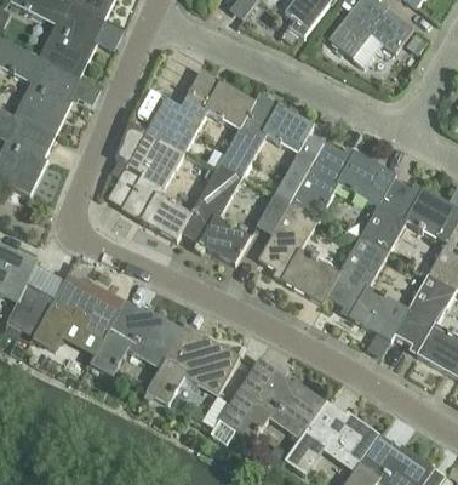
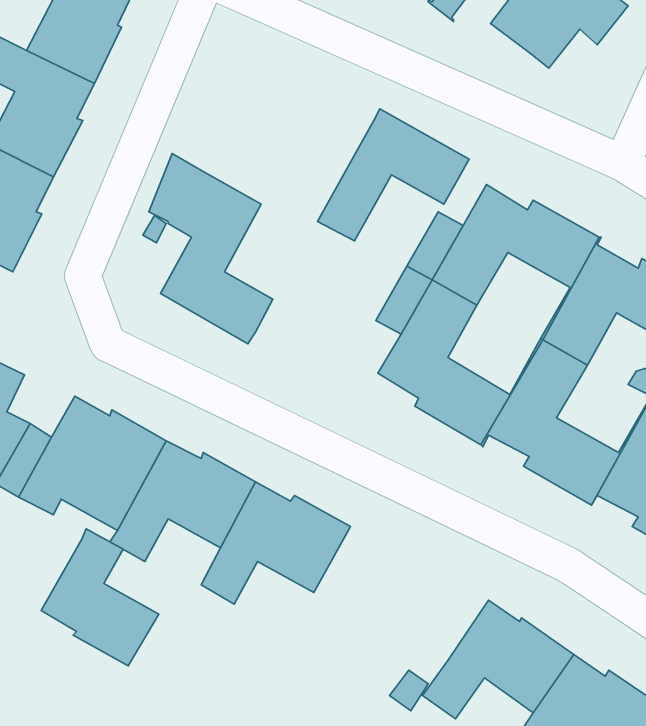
building: [145,69,254,153] -> none
building: [181,164,250,264] -> none
building: none -> [41,529,159,666]
building: [210,359,326,444] -> none

